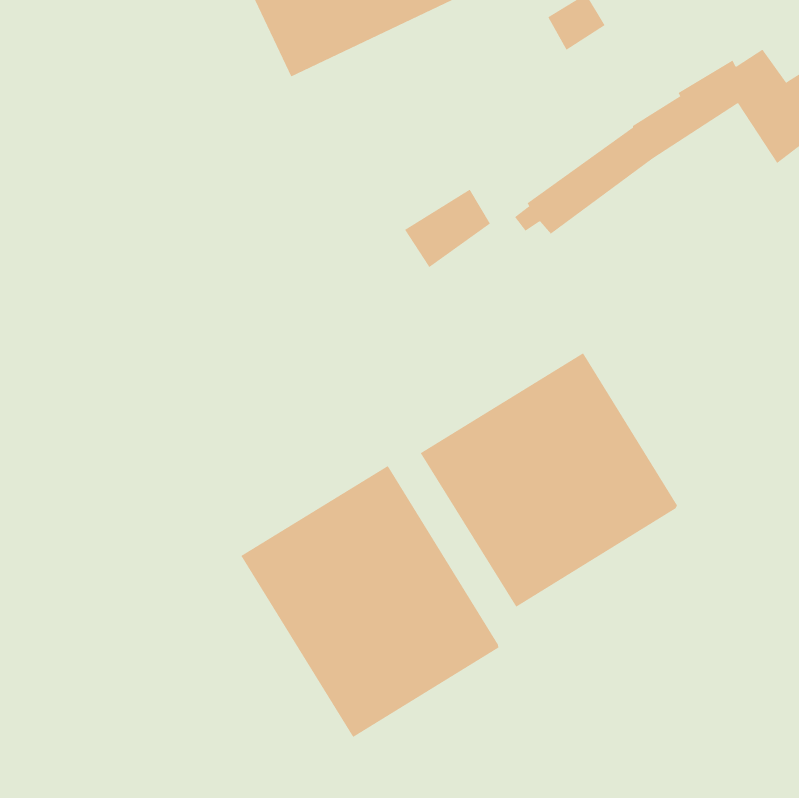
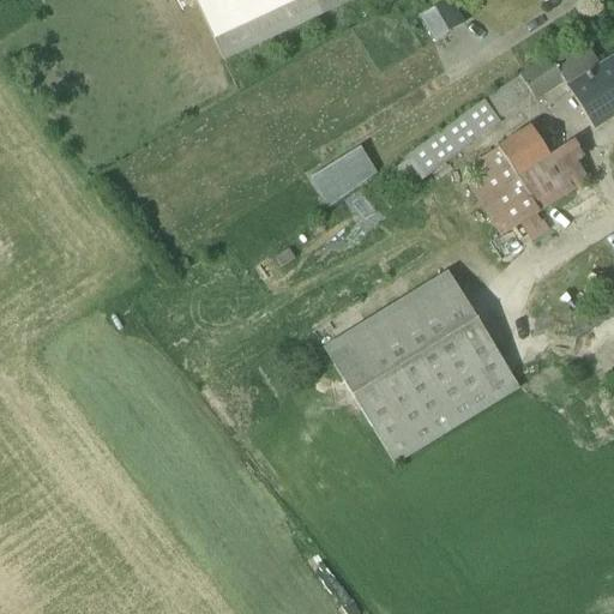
building: none -> [469,122,592,239]
building: [240,465,499,738] -> none

